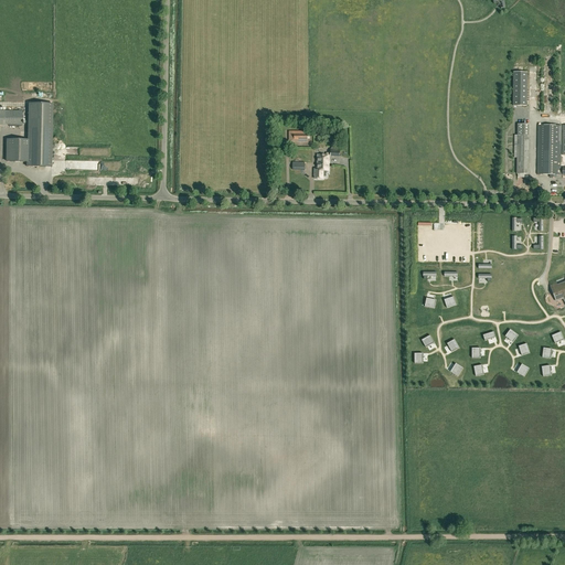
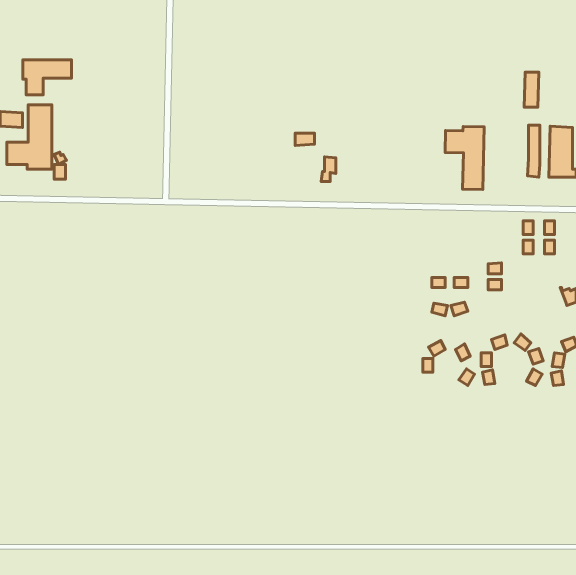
building: none -> [23,60,72,95]
building: none -> [445,126,484,190]

